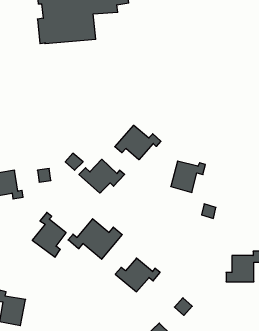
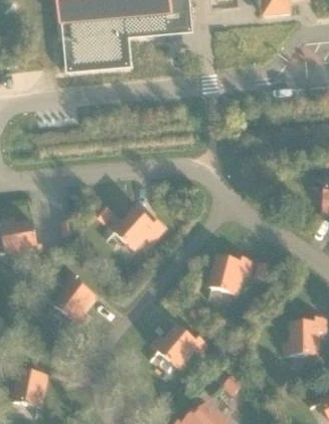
building: [115,125,161,160] -> none
building: [171,161,205,192] -> [209,256,251,293]
building: [68,219,122,259] -> none

